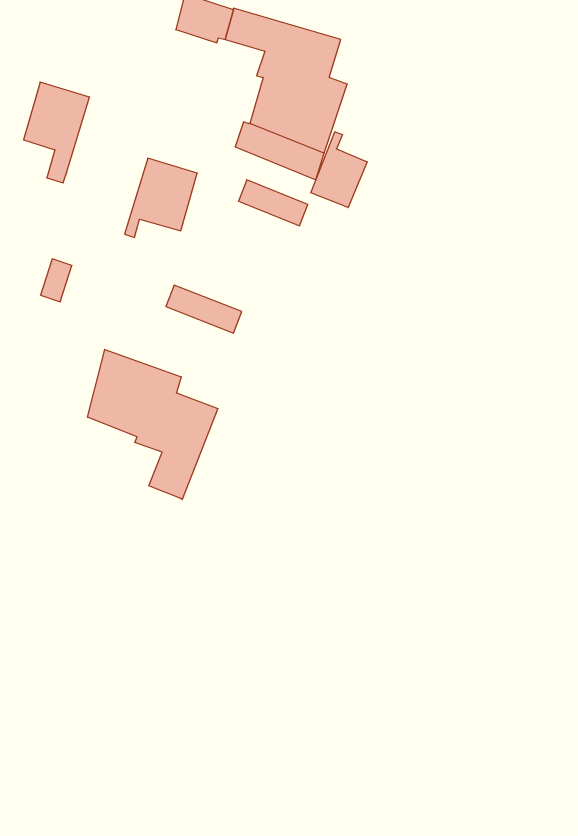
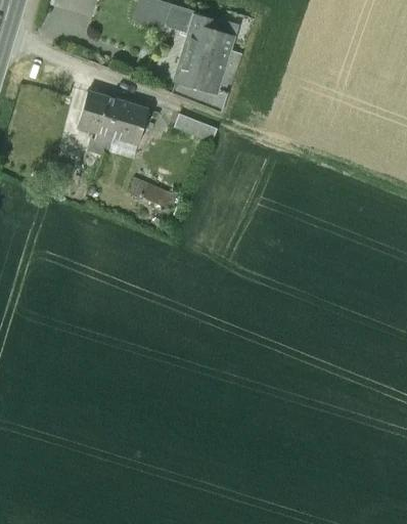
building: [24,82,90,183] -> [75,89,116,151]
building: [311,132,367,208] -> none
building: [87,349,218,500] -> none

